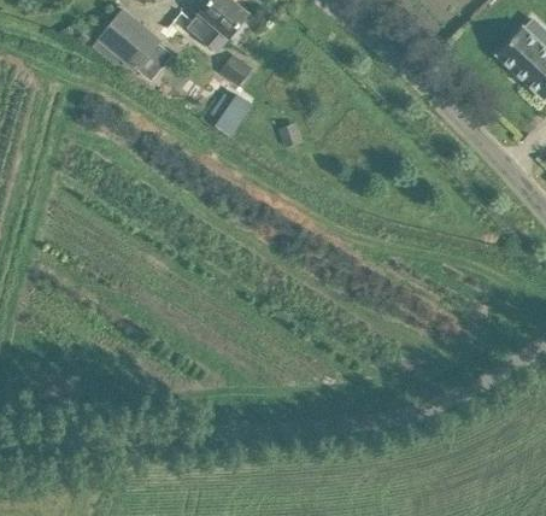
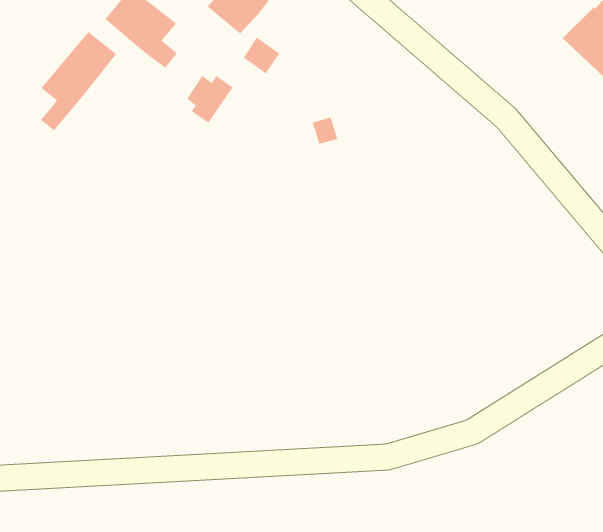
building: none -> [40,31,117,131]
building: [210,92,251,134] -> [187,75,234,123]

